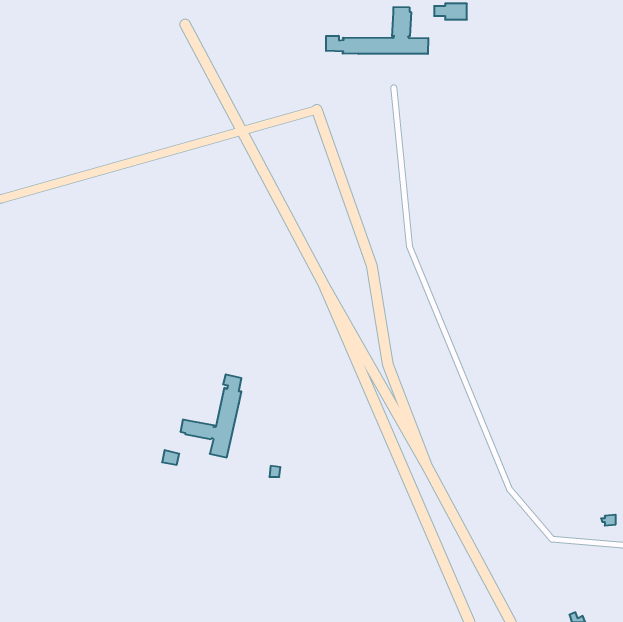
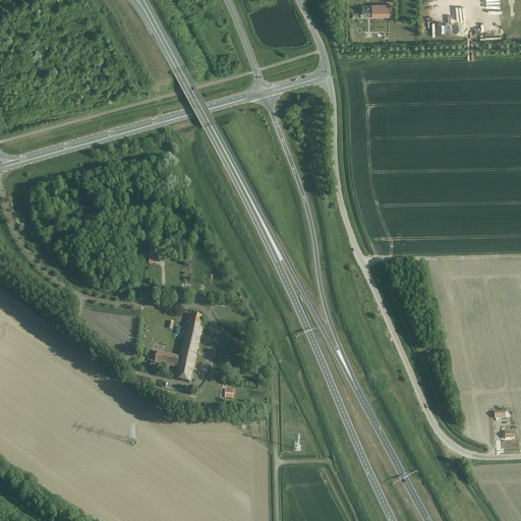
building: [326,7,428,54] -> none

